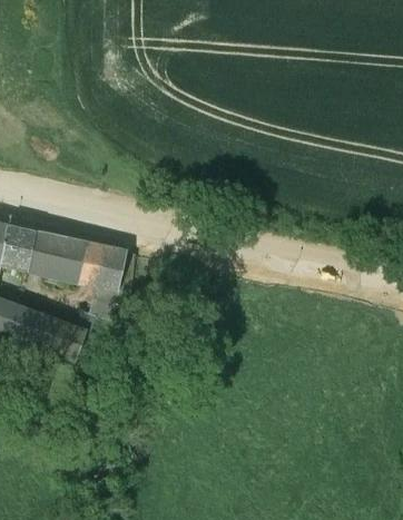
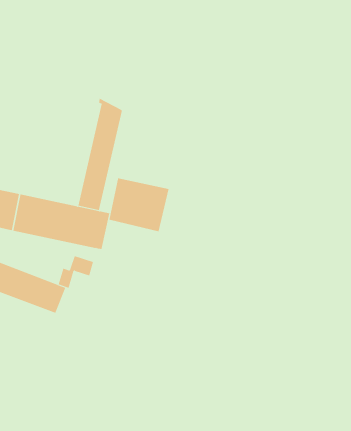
building: none -> [78,98,123,211]
building: none -> [109,177,169,232]

